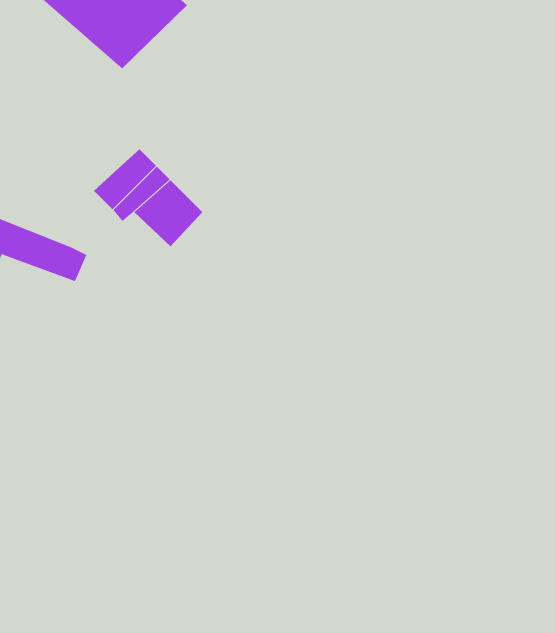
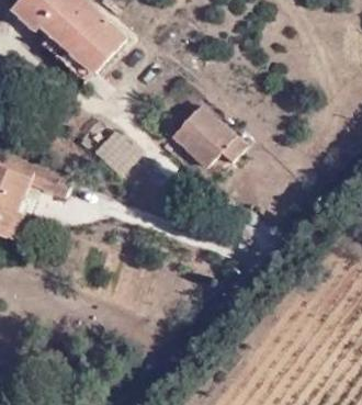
building: none -> [173,108,244,168]

